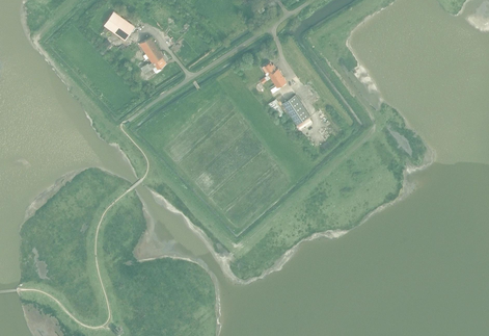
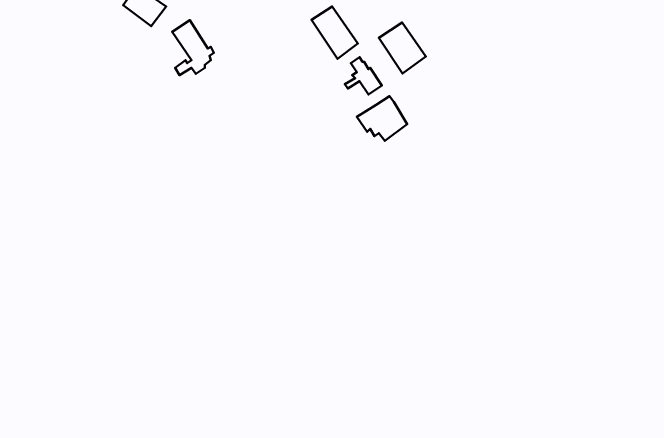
building: none -> [312,6,358,59]
building: none -> [379,23,426,73]

